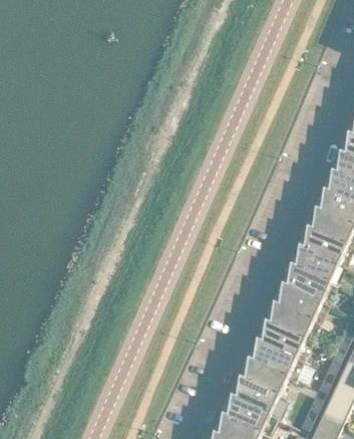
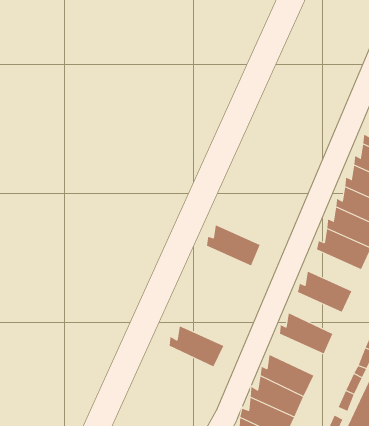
building: [290,247,338,284] -> [206,224,260,266]
building: [273,285,321,322] -> none
building: [256,322,305,360] -> [169,325,224,367]

